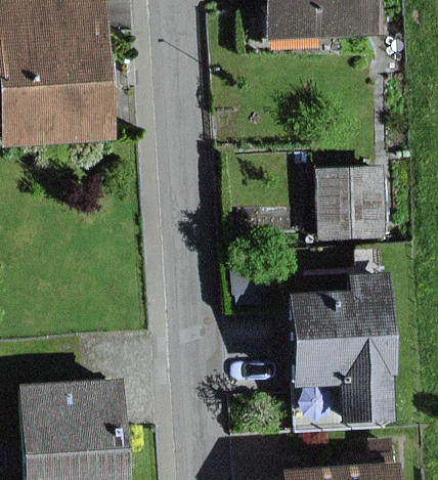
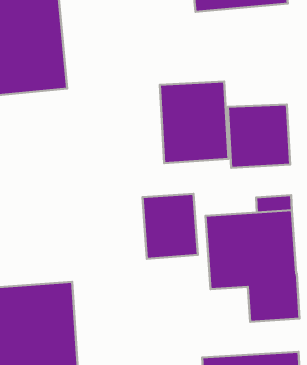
building: none -> [160,81,228,163]
building: none -> [143,194,198,259]

